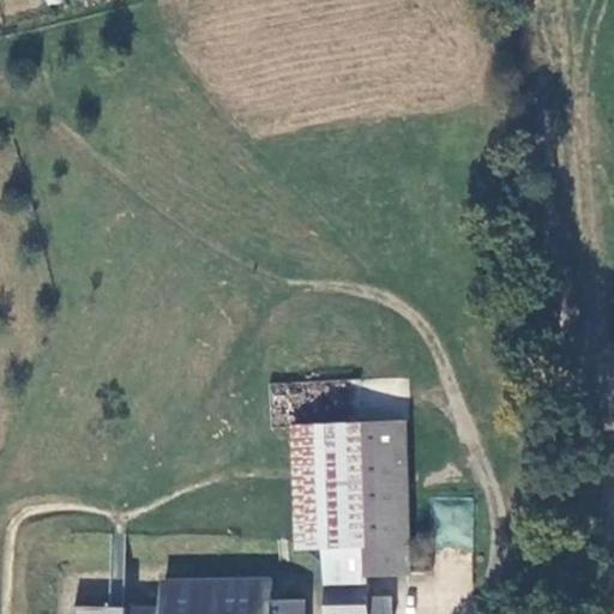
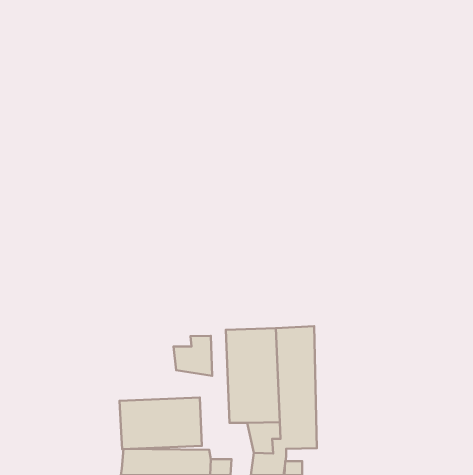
building: none -> [174,336,212,376]
building: none -> [120,398,202,449]

